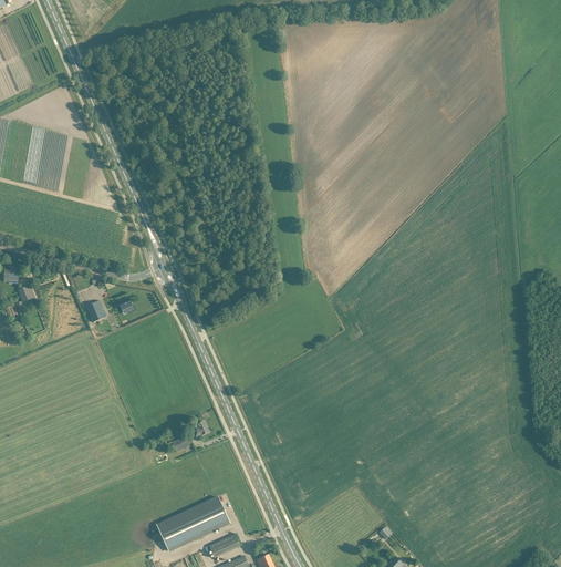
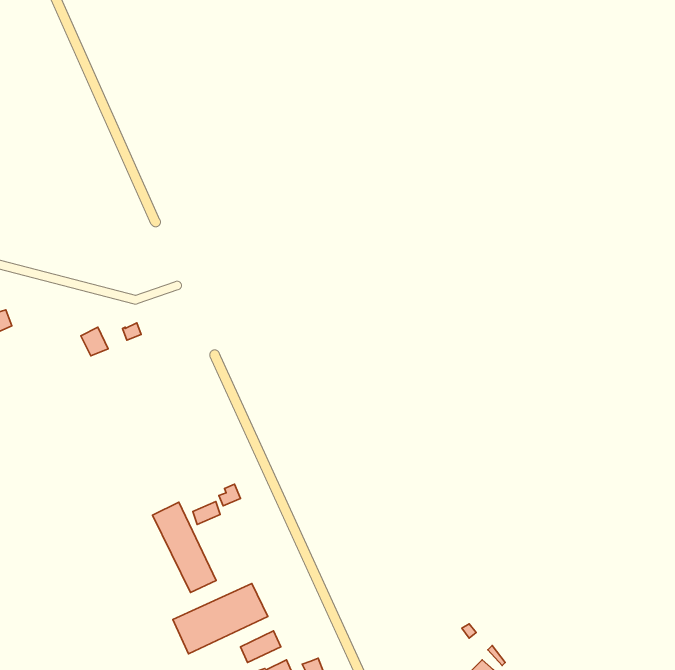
building: none -> [153,502,216,593]

